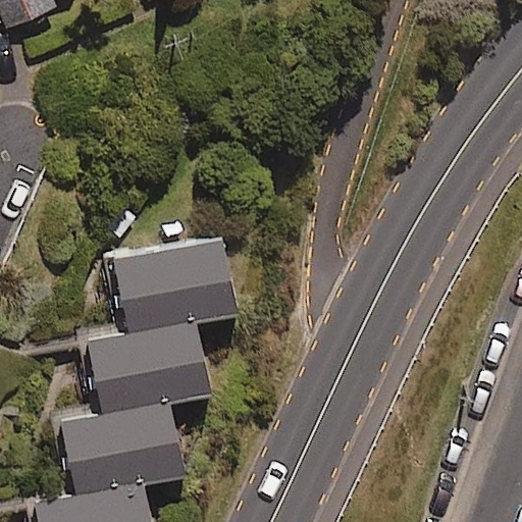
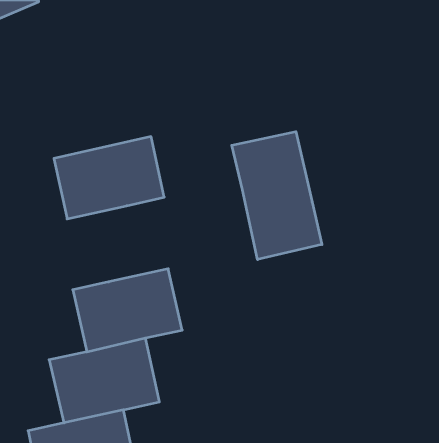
building: none -> [232,132,322,260]
building: [111,238,240,333] -> [54,137,164,219]

